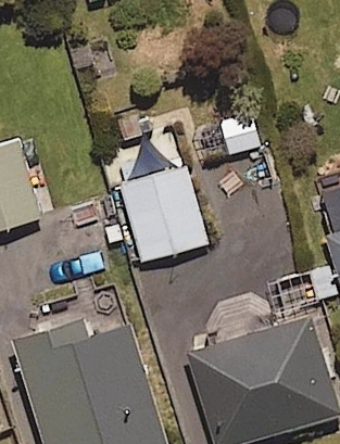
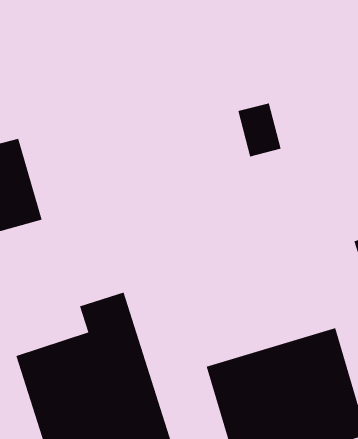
building: [110,135,205,263] -> none

